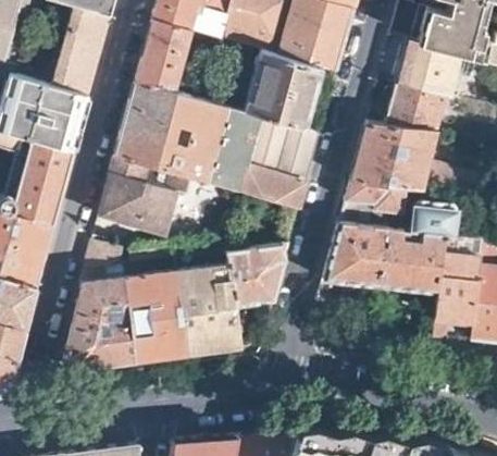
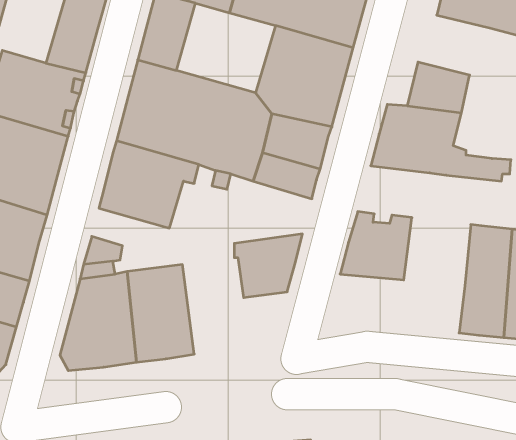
building: [395,40,461,98] -> none
building: [339,181,457,292] -> none
building: [177,266,240,355] -> none

